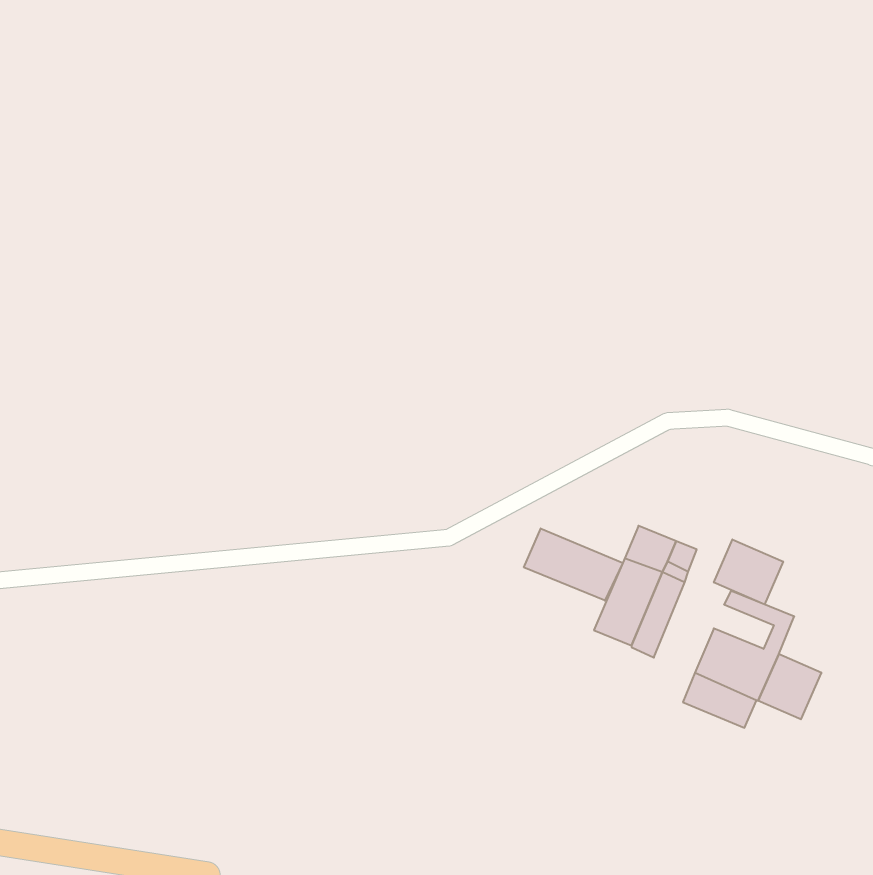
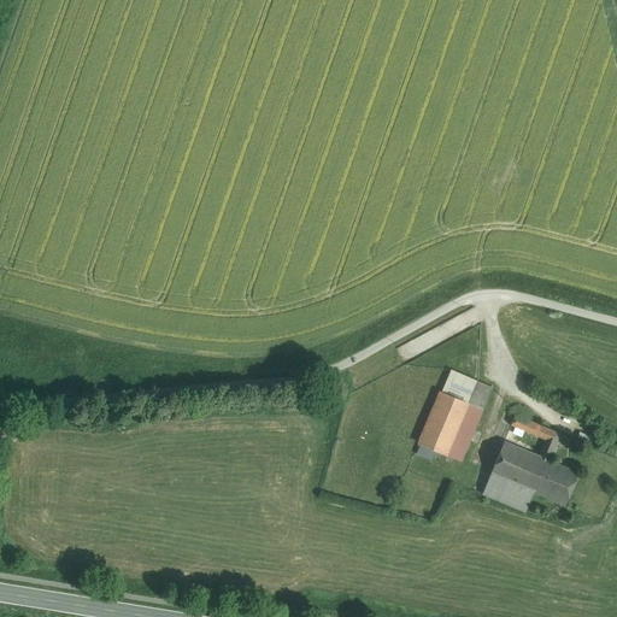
building: [524,528,623,601] -> none
building: [714,539,783,604] -> none

